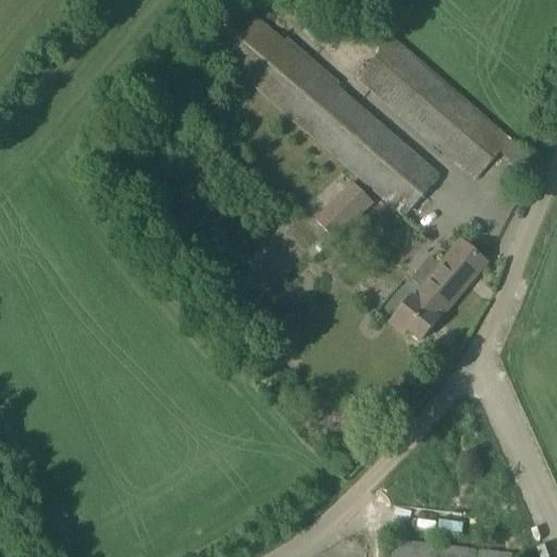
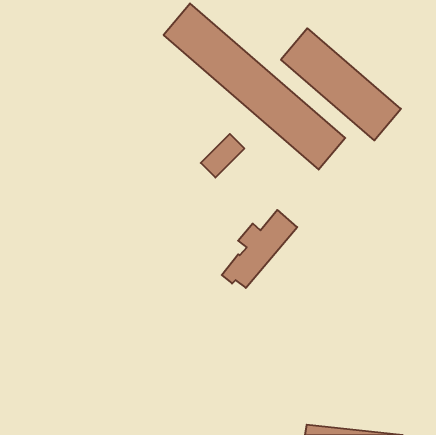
building: [318,182,373,237] -> [201,134,244,178]
building: [393,238,488,337] -> [222,210,297,288]

